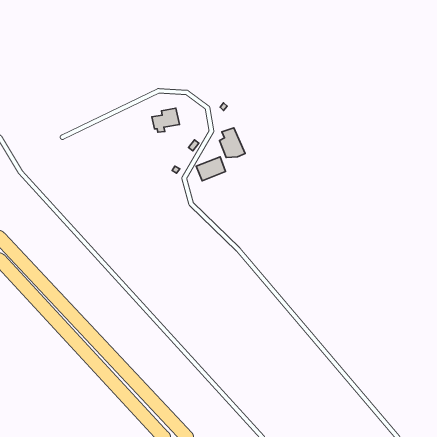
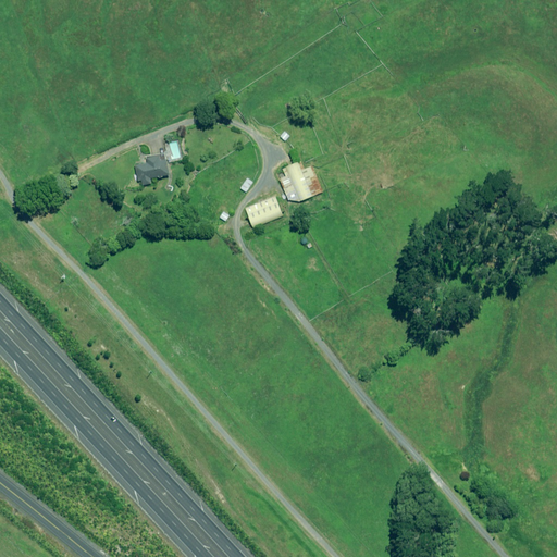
building: [152,108,179,132] -> [134,153,169,184]

